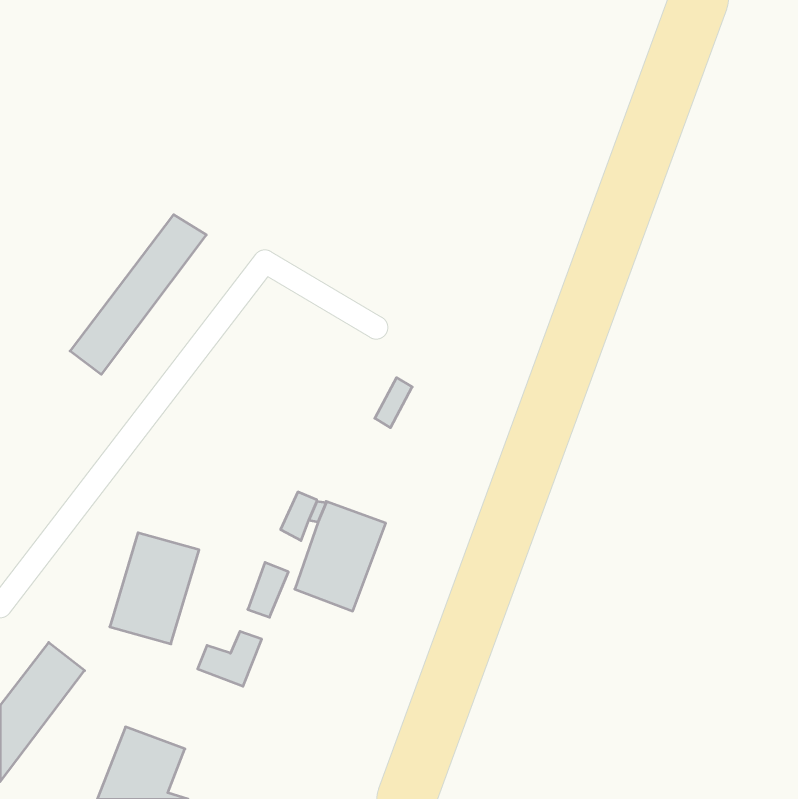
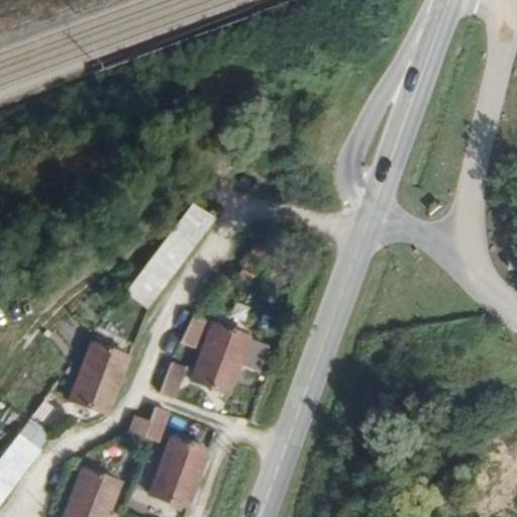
building: [70,215,206,374] -> [127,204,215,307]
building: none -> [149,432,204,505]

